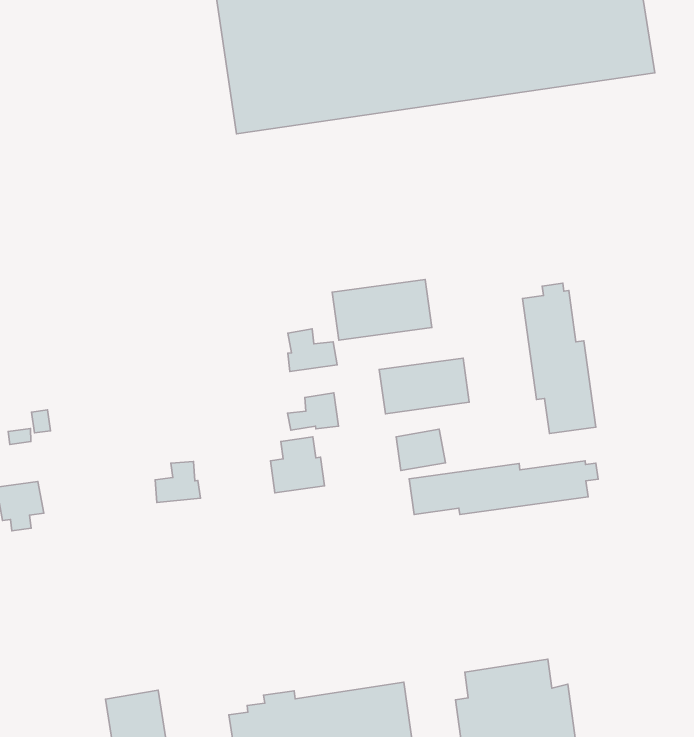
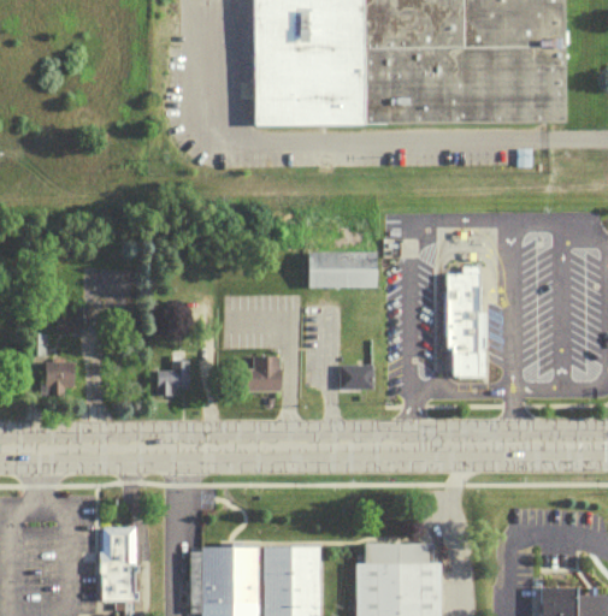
building: [288,329,337,372] -> none
building: [379,358,469,414] -> none
building: [287,393,338,430] -> none
building: [409,461,598,514] -> none

